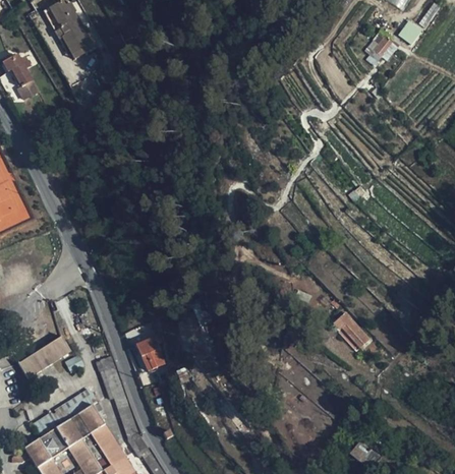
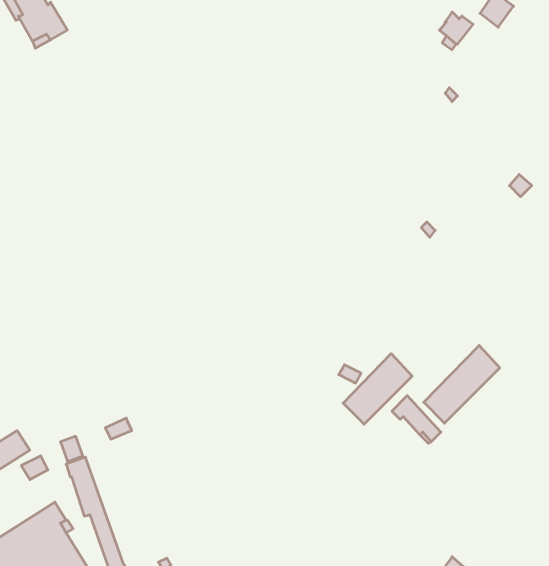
building: none -> [424,345,500,423]
building: none -> [343,354,412,424]
building: [135,333,165,370] -> none

